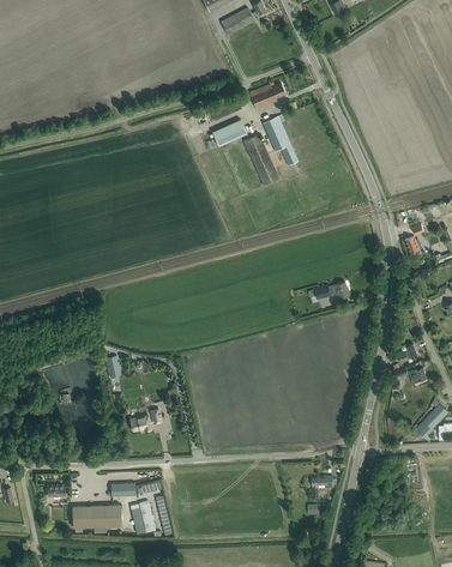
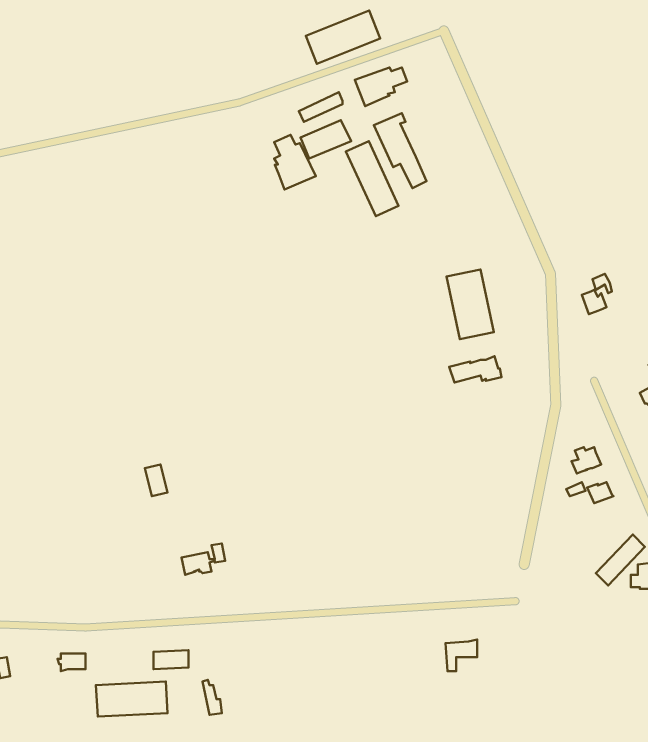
building: none -> [306,11,380,64]
building: none -> [274,135,316,189]
building: none -> [446,269,494,339]

